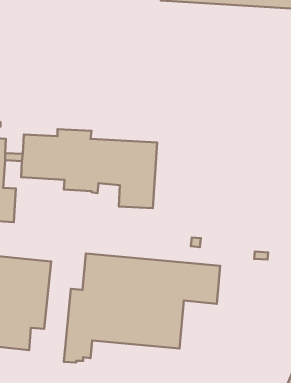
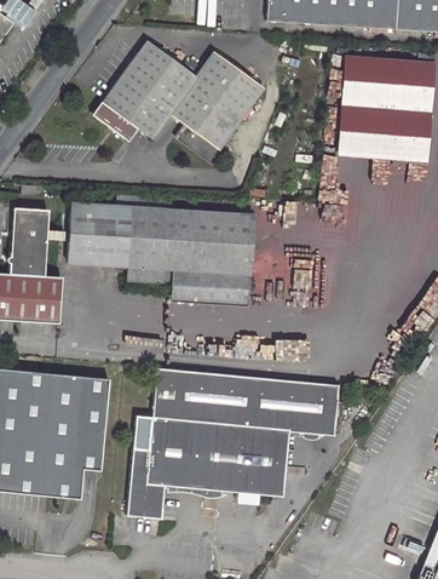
building: none -> [96,41,265,159]
building: none -> [330,55,427,161]
building: none -> [172,270,203,302]

